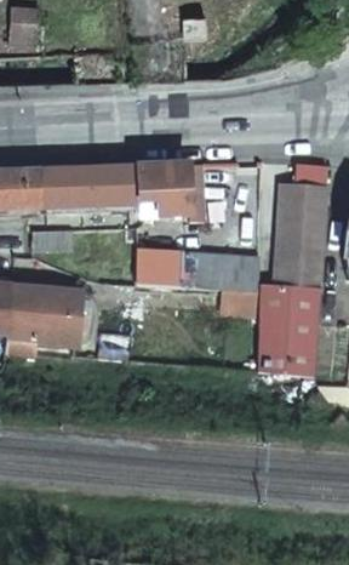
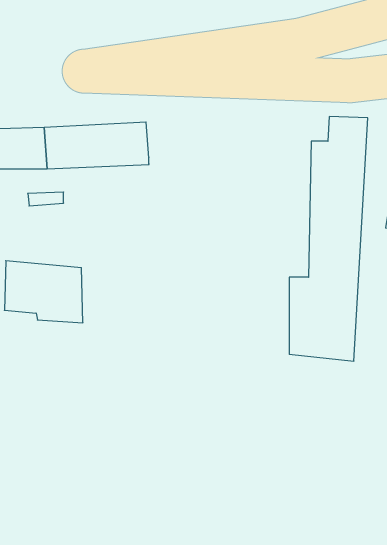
building: [132,164,202,221] -> none
building: [133,251,259,291] -> none

